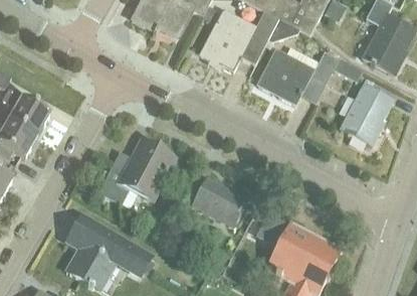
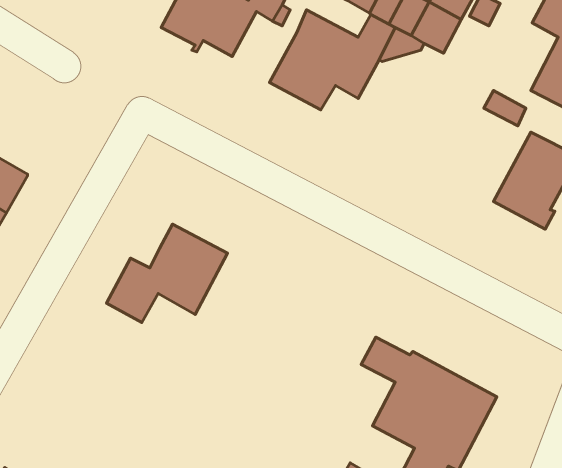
building: [257,46,337,104] -> none
building: [175,178,247,227] -> none
building: [65,214,152,290] -> none

